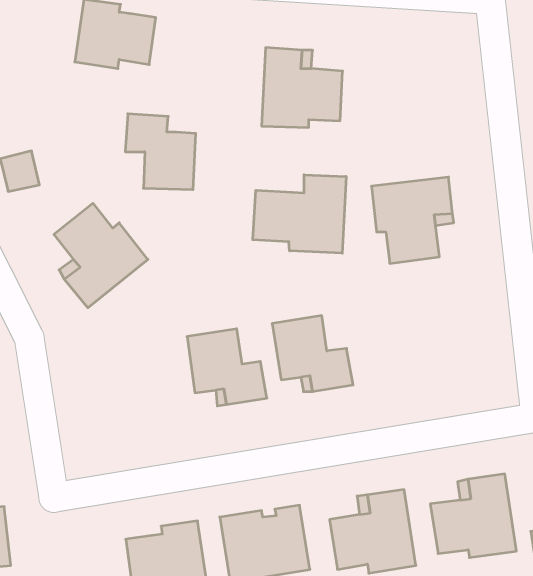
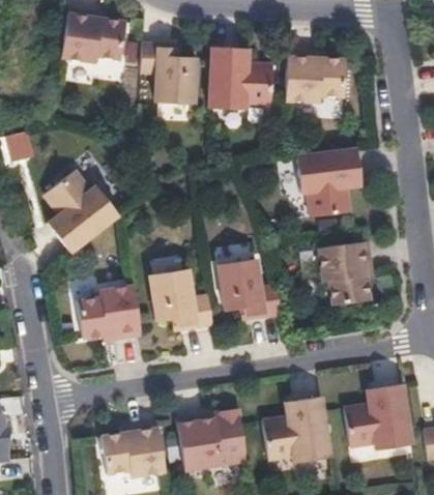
building: none -> [286,51,346,103]
building: [125,114,196,190] -> [141,42,197,103]
building: [253,175,346,253] -> none
building: none -> [319,241,372,304]
building: none -> [78,286,142,340]

